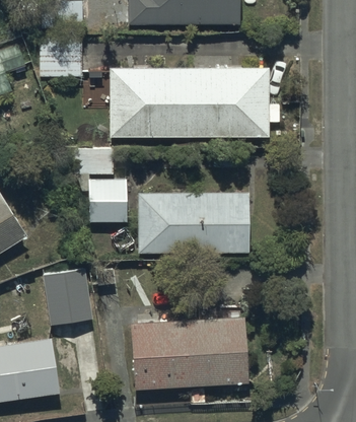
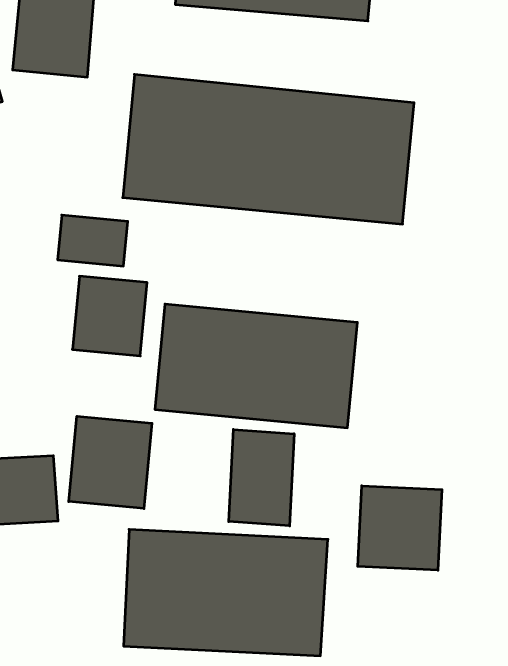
building: none -> [229,429,294,526]
building: none -> [69,416,152,509]
building: none -> [358,486,442,570]

